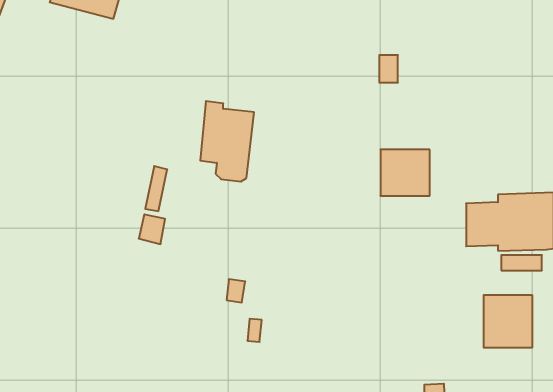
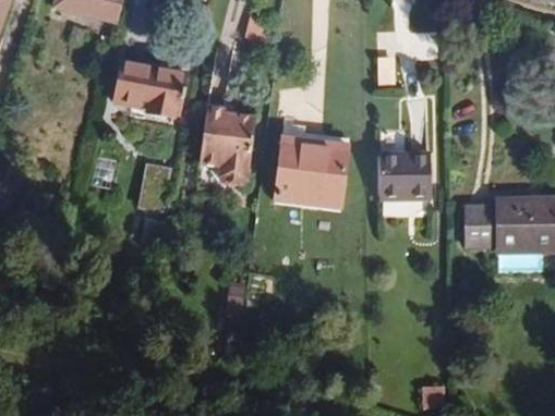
building: none -> [112,61,185,115]
building: none -> [274,135,350,209]
building: [484,295,532,348] -> none

